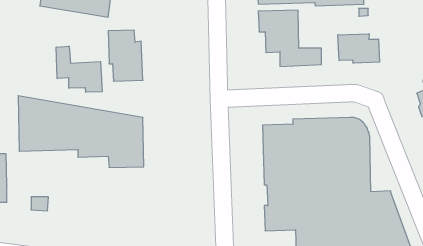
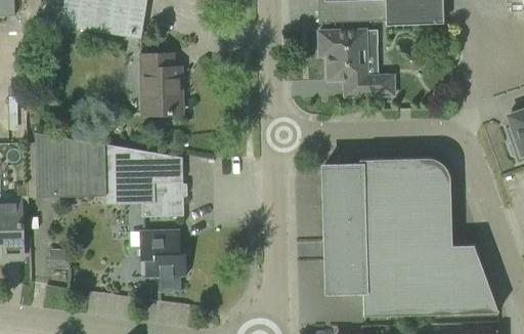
building: [338,34,380,63] -> none
building: [56,46,102,92] -> none
building: none -> [139,231,186,293]

